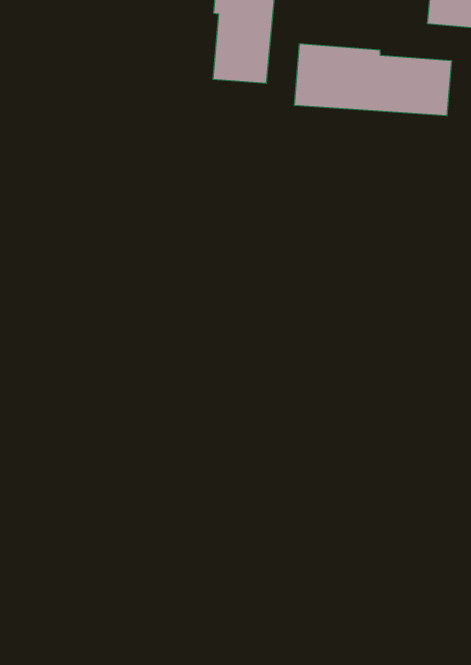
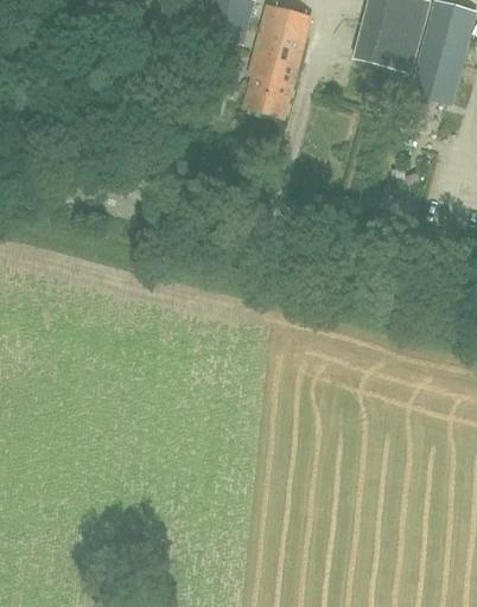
building: [295,44,452,116] -> none

